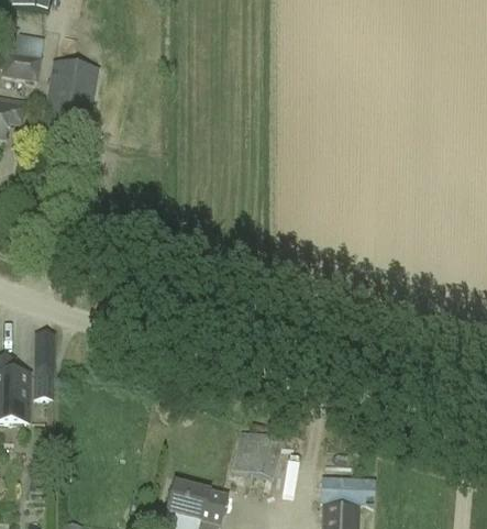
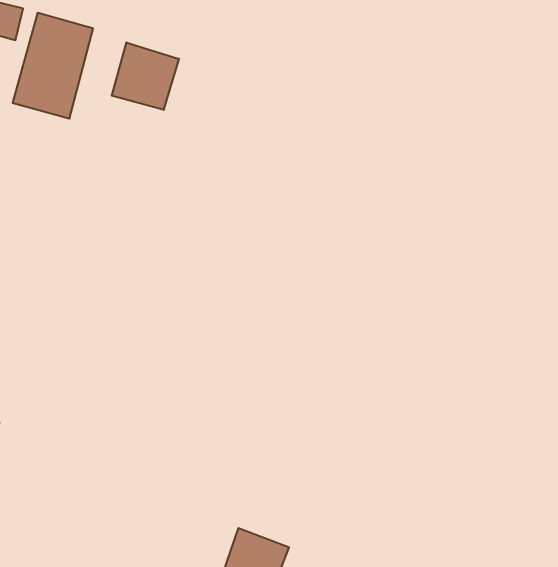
building: none -> [112,42,179,110]

